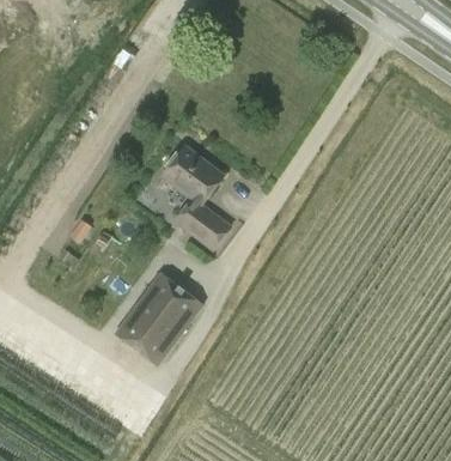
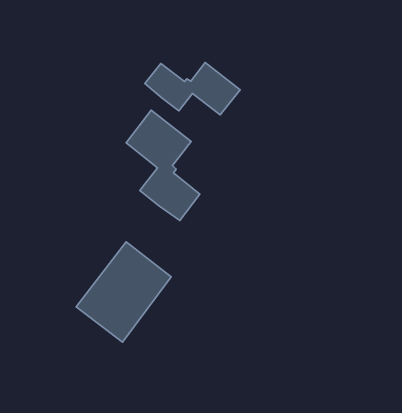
building: none -> [145,63,240,115]

